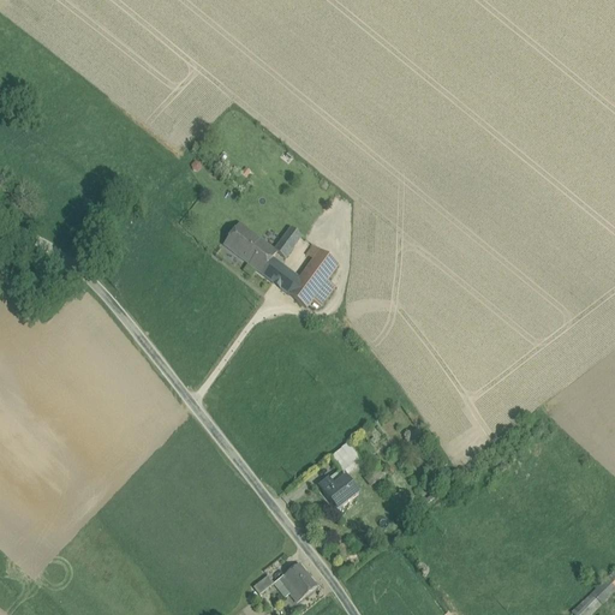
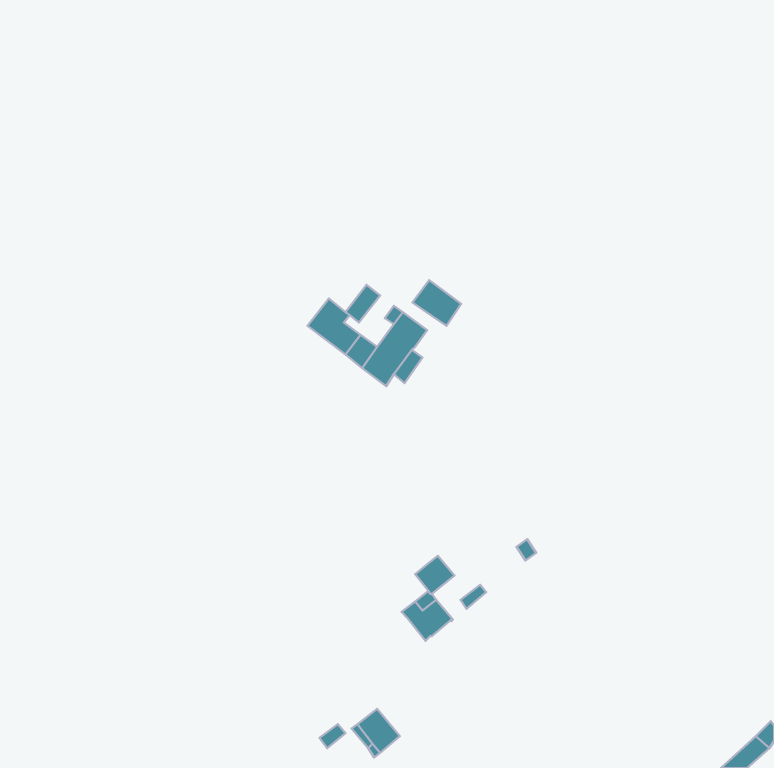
building: [223,221,261,258] -> none
building: none -> [413,280,461,326]

